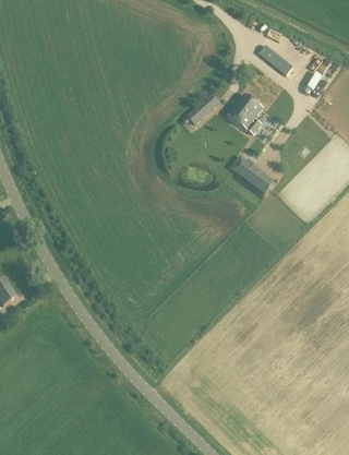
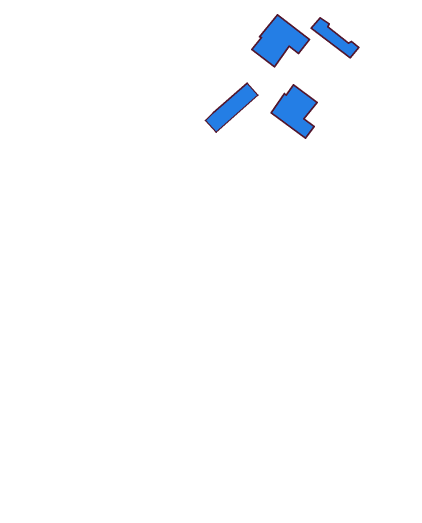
building: none -> [252,15,309,67]
building: [229,154,274,193] -> none

